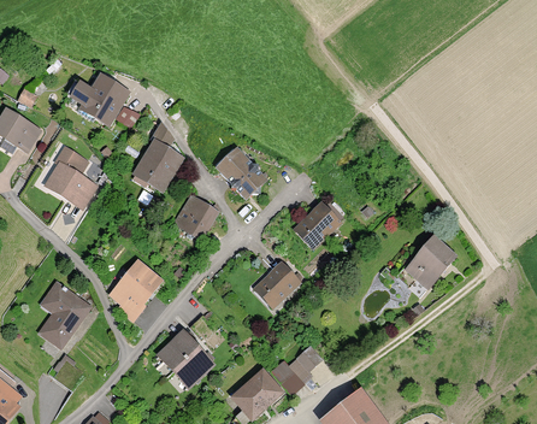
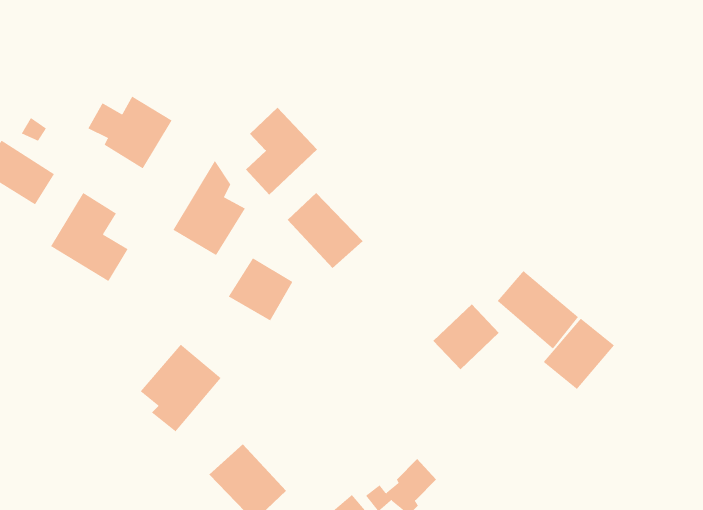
building: none -> [245,107,318,196]
building: [291,200,341,249] -> [433,303,500,370]
building: none -> [497,270,579,349]
building: [253,261,301,310] -> none
building: [36,279,93,351] -> none

